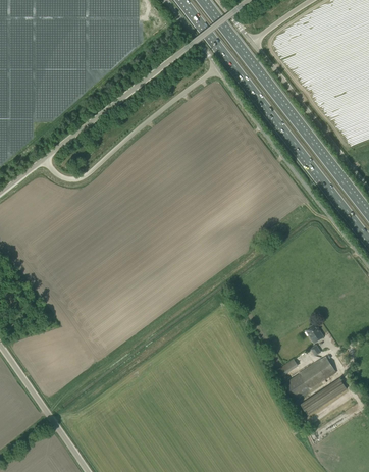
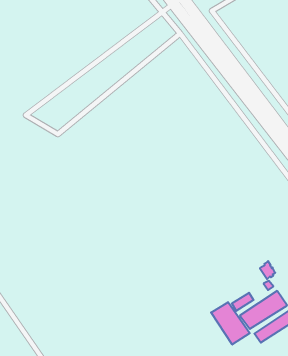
building: none -> [211,302,250,345]

